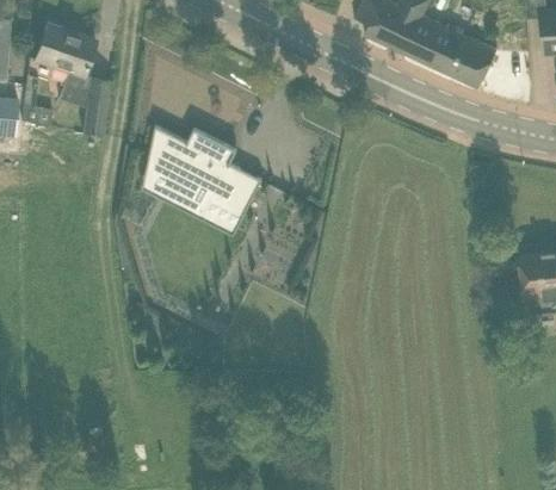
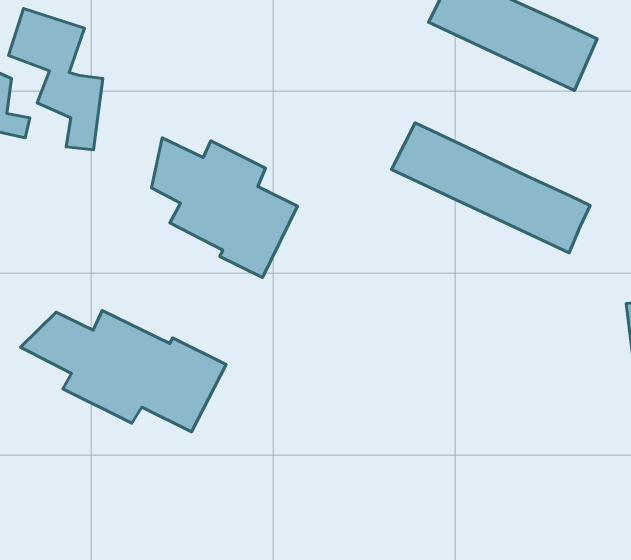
building: none -> [391,123,590,253]
building: none -> [21,311,226,432]

